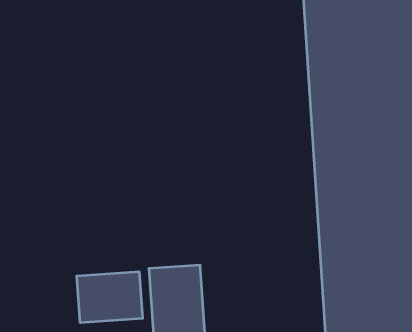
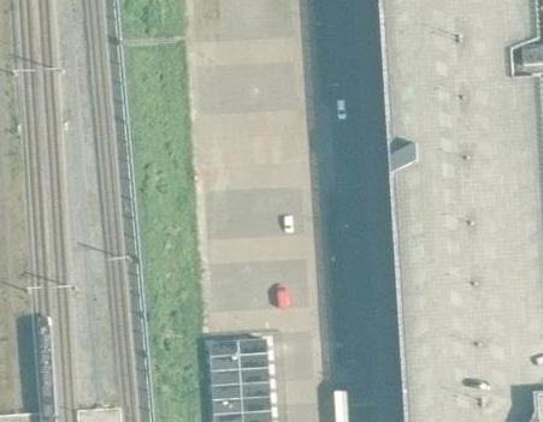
building: [77,272,143,323] -> none

